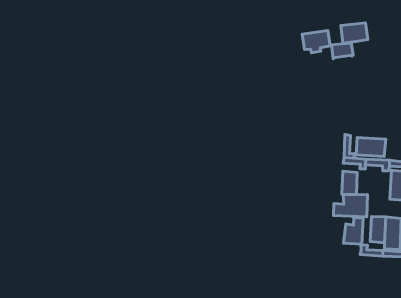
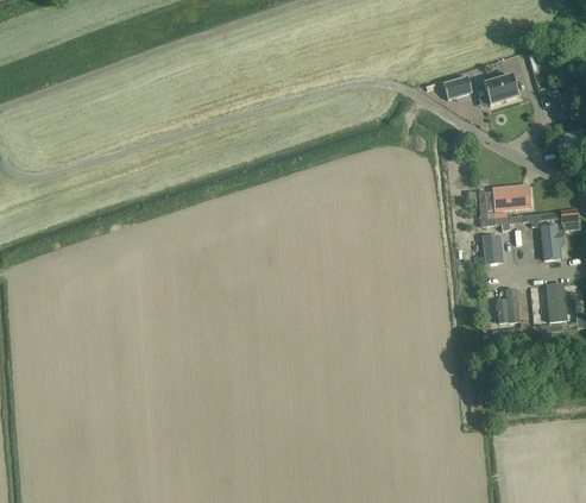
building: [341,23,368,43] -> [483,75,518,105]
building: [302,30,330,53] -> none
building: [333,195,368,217] -> none

